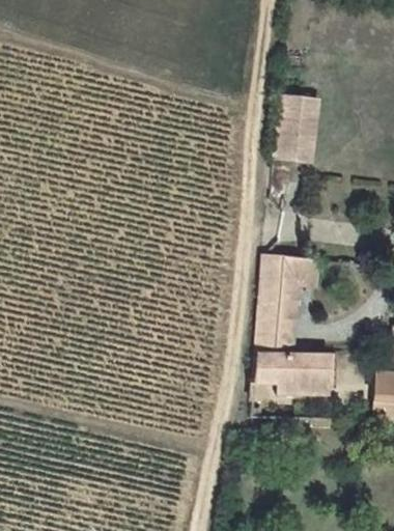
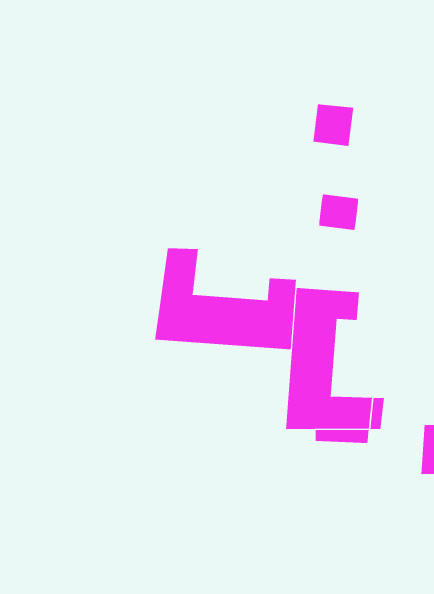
building: [275,129,310,161] -> [319,194,359,230]
building: none -> [154,247,297,350]

